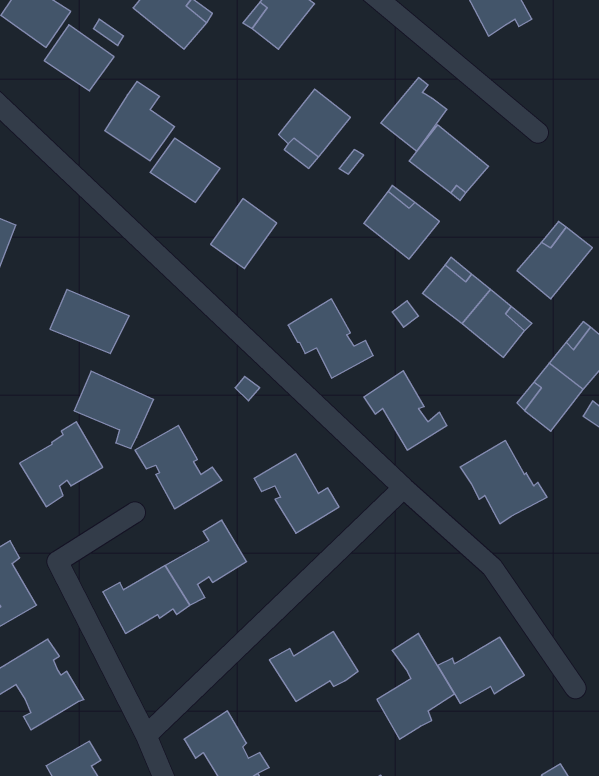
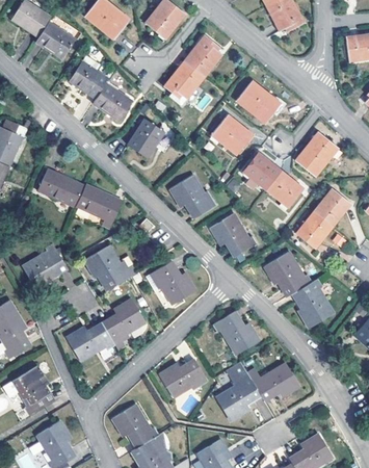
building: [381,78,447,151] -> [184,35,220,76]
building: [74,371,154,449] -> [76,186,120,229]
building: none -> [292,282,333,331]
building: none -> [213,311,260,354]

